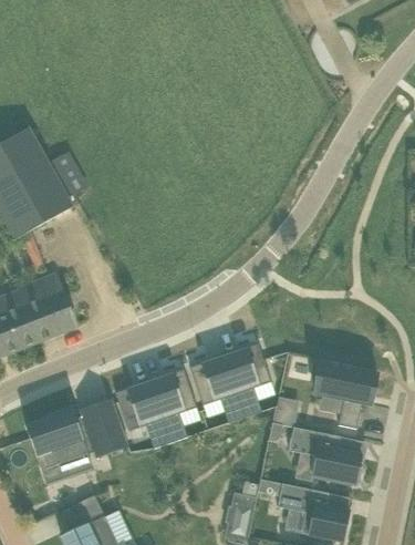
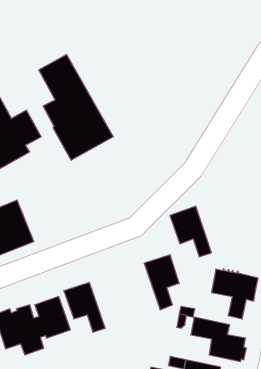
building: none -> [39,54,113,160]
building: [190,354,246,422] -> [170,206,211,257]
building: [152,368,198,441] -> none

